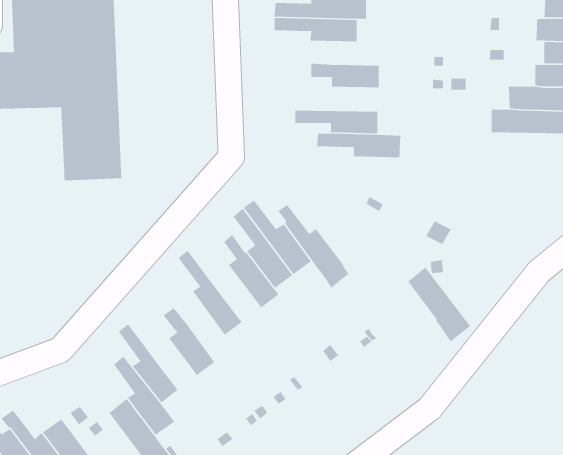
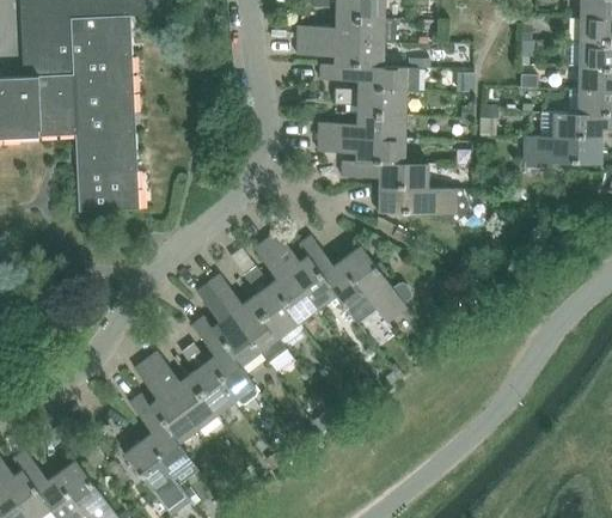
building: none -> [319,65,408,91]
building: none -> [318,114,406,139]
building: none -> [378,187,467,221]
building: none -> [207,274,279,353]
building: [407,267,471,342] -> [341,245,408,324]
building: none -> [191,316,257,404]
building: none -> [145,351,216,429]

